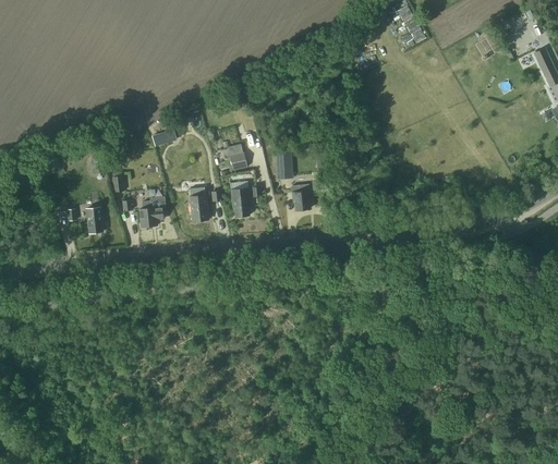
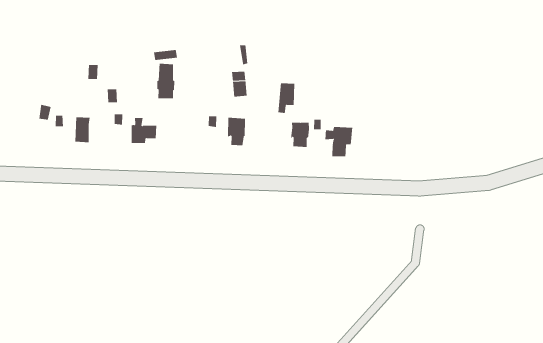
building: none -> [325,126,353,157]
building: [190,186,208,221] -> [157,63,175,99]

